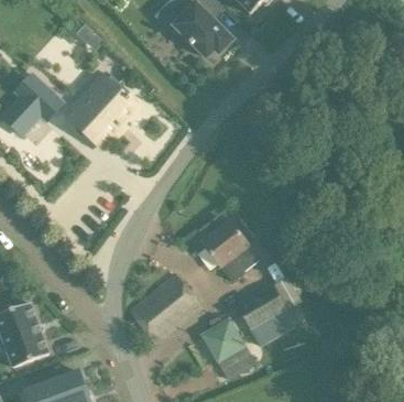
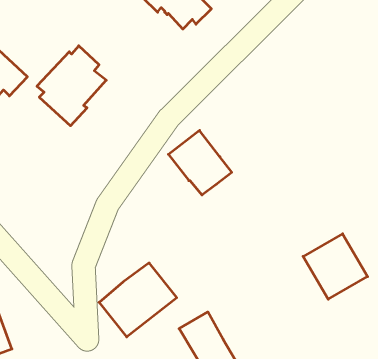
building: [200,219,259,279] -> [168,130,232,195]
building: [236,283,295,344] -> [303,234,368,299]

